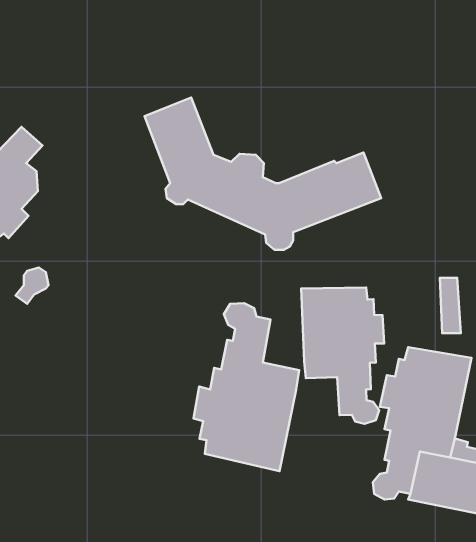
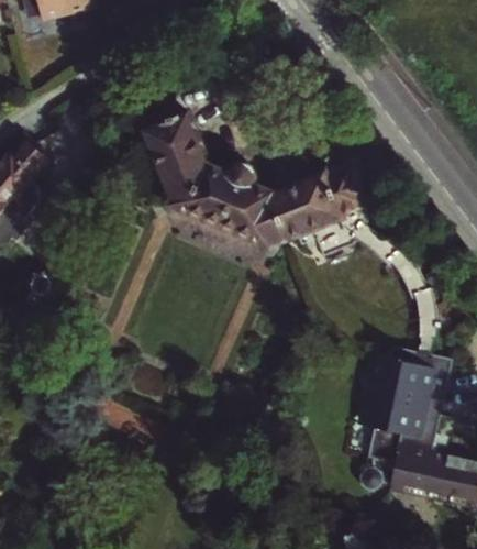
building: [301,288,384,424] -> none
building: [193,303,299,471] -> none

